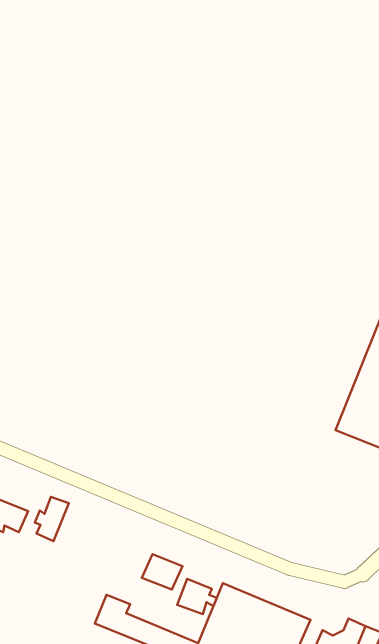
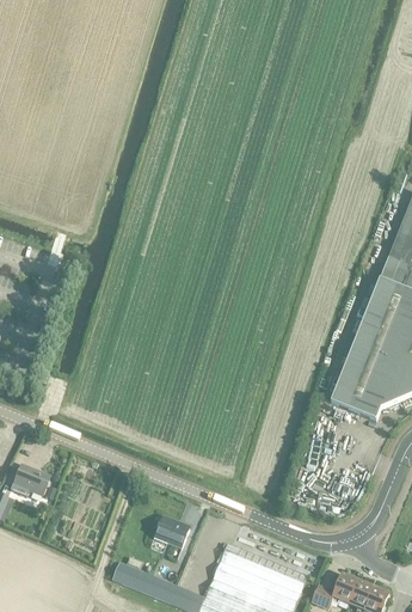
building: [35,497,69,541] -> none
building: [177,579,217,614] -> none

